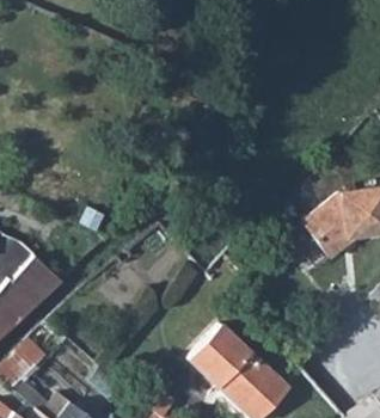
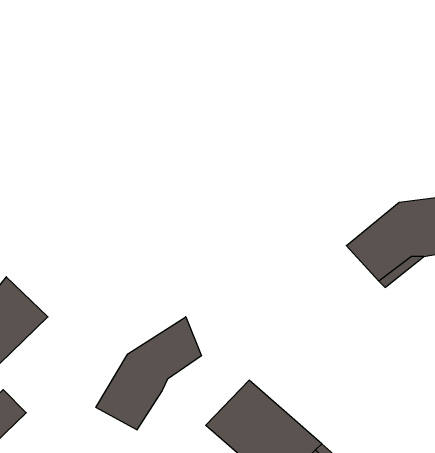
building: none -> [96,317,202,430]

